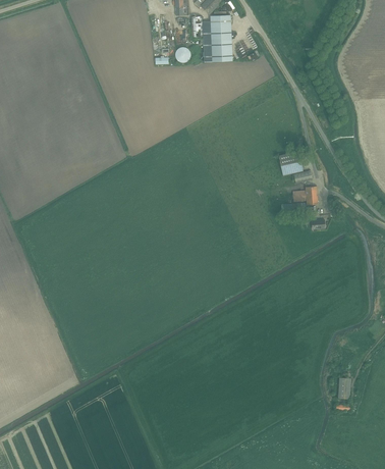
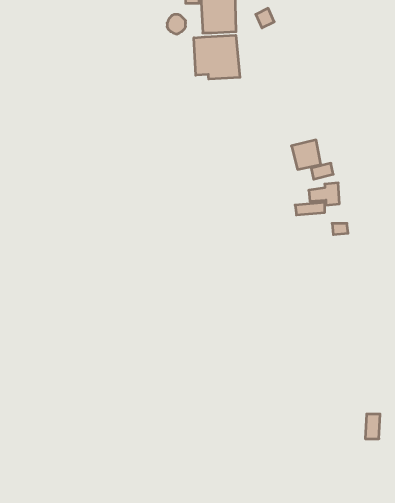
building: none -> [194,35,240,79]

